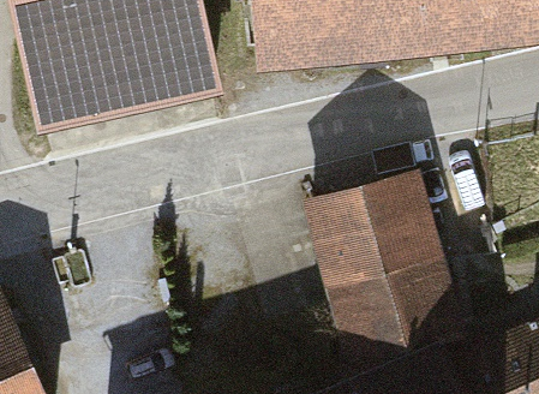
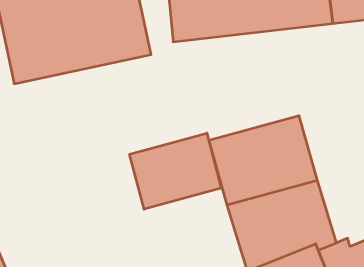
building: none -> [130,133,221,209]

